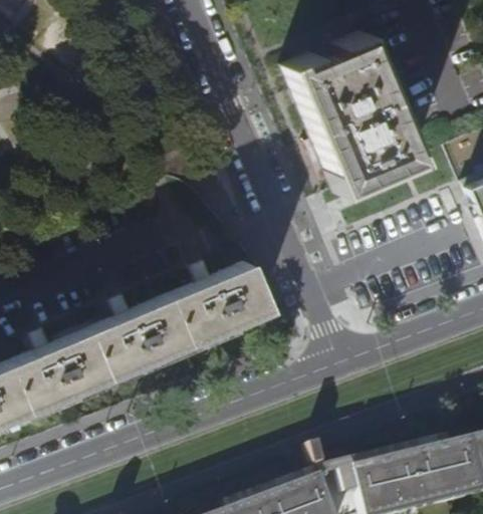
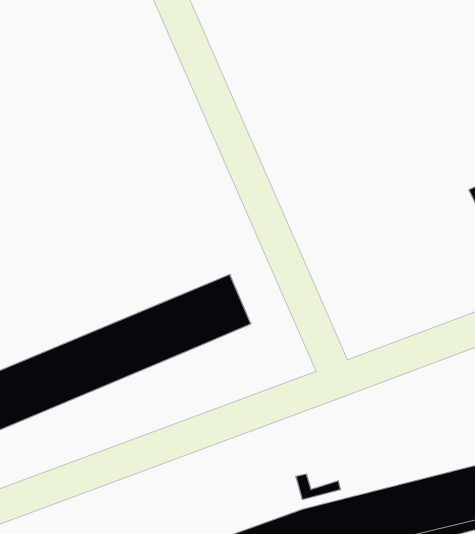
building: [293,30,424,187] -> none

